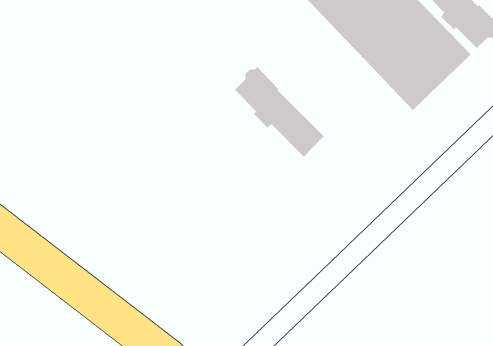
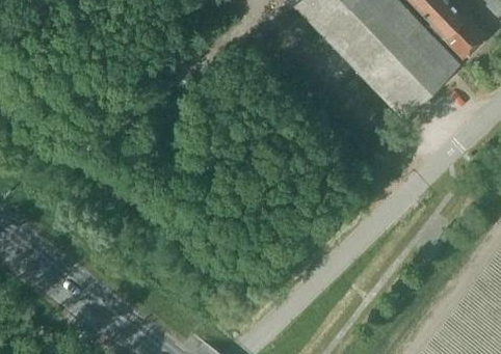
building: [234,66,325,157] -> none

